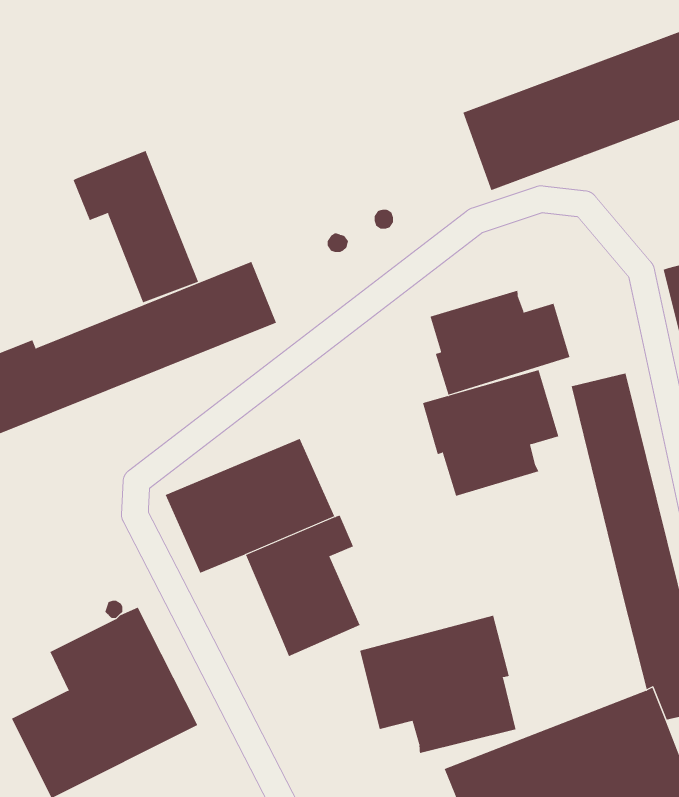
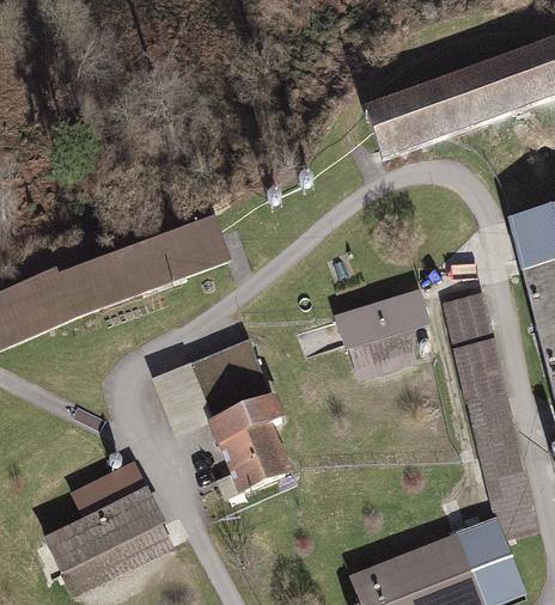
building: [73,150,199,303] -> none
building: [430,290,570,396] -> none
building: [360,615,516,754] -> none

